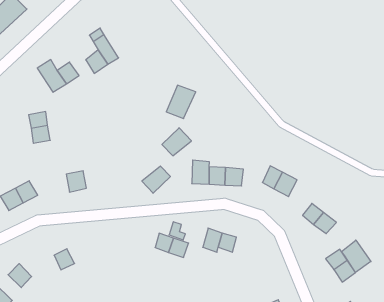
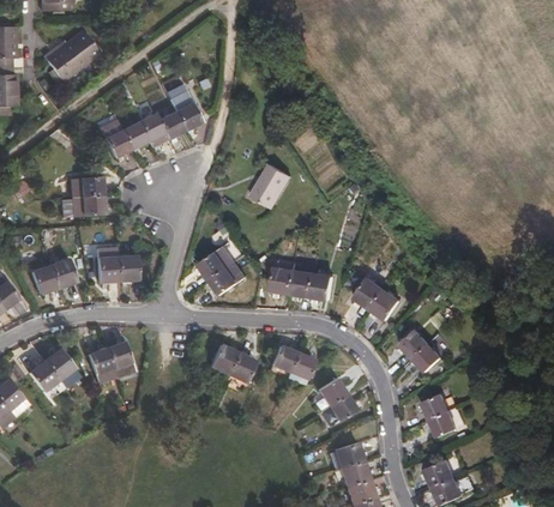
building: none -> [139,113,168,146]
building: [162,128,191,156] -> [198,246,235,279]
building: none -> [97,249,119,283]
building: [342,240,371,273] -> none
building: none -> [107,344,134,379]
building: none -> [326,384,361,424]
building: none -> [46,351,80,390]

